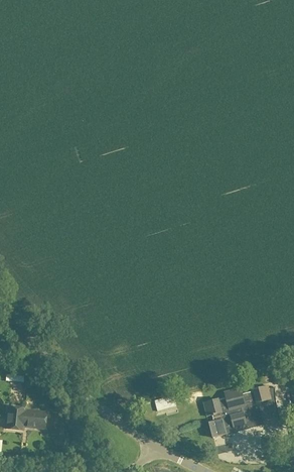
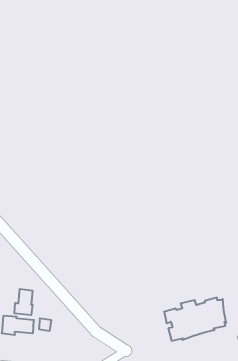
building: none -> [15,289,33,315]

